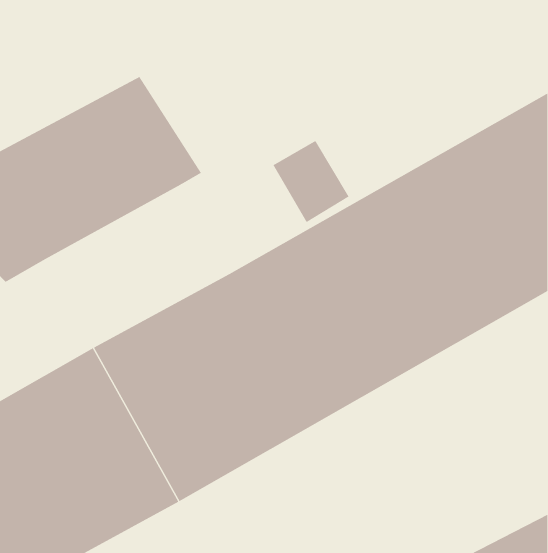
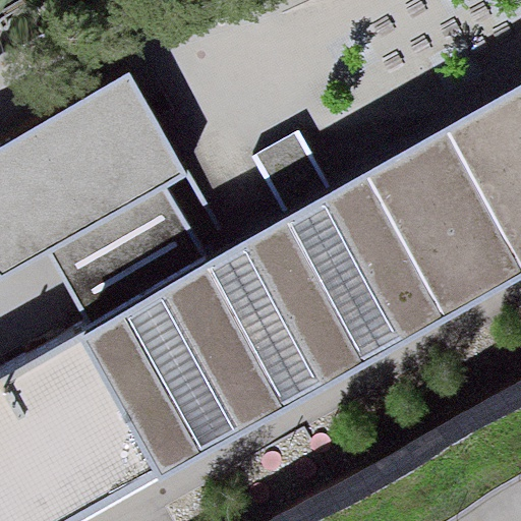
building: none -> [43,175,215,328]

